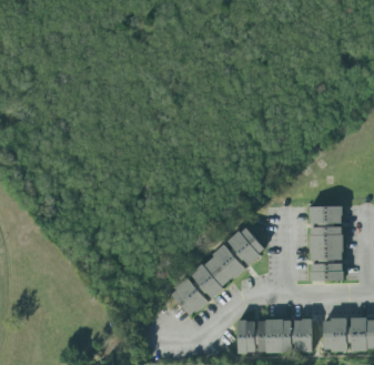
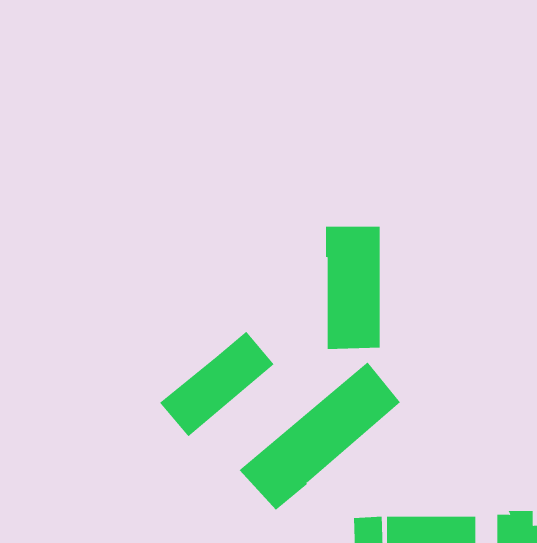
building: [310,206,343,281] -> [325,226,380,350]
building: none -> [159,331,275,437]

